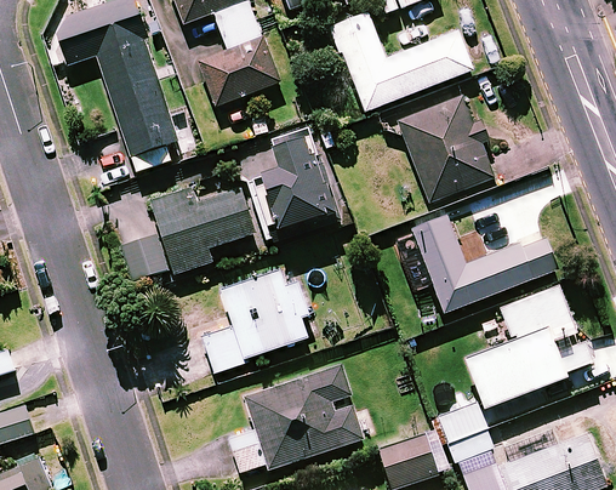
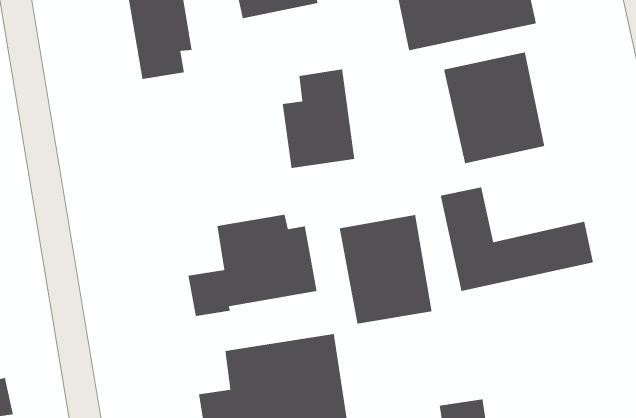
building: [121,187,253,279] -> none
building: none -> [339,214,432,325]
building: [464,285,593,408] -> none

